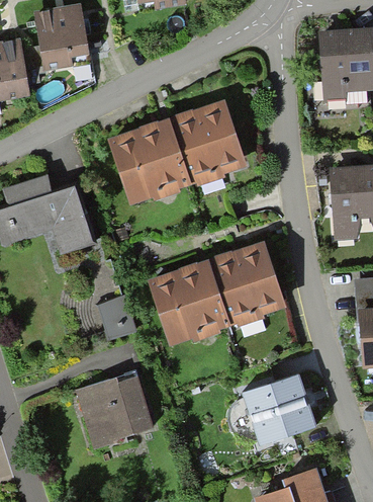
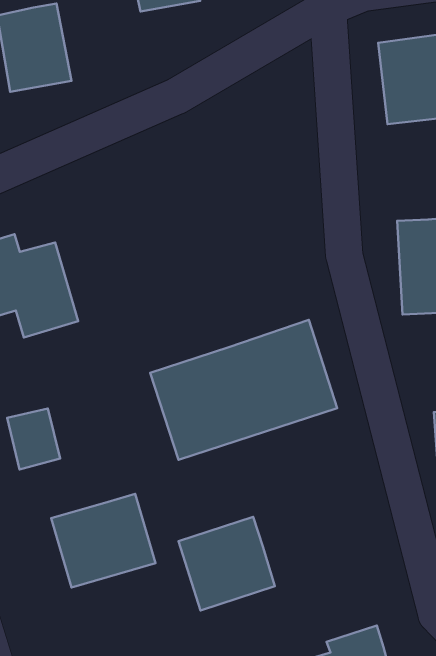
building: [105,104,246,208] -> none
building: [100,289,139,335] -> [7,408,60,469]
building: [244,366,315,436] -> [179,517,275,611]

